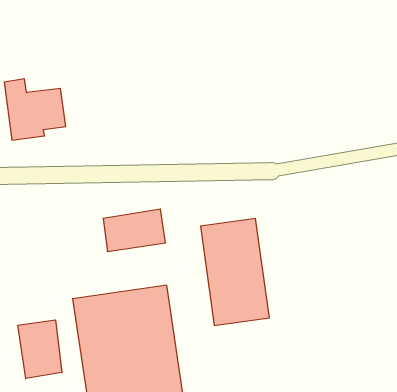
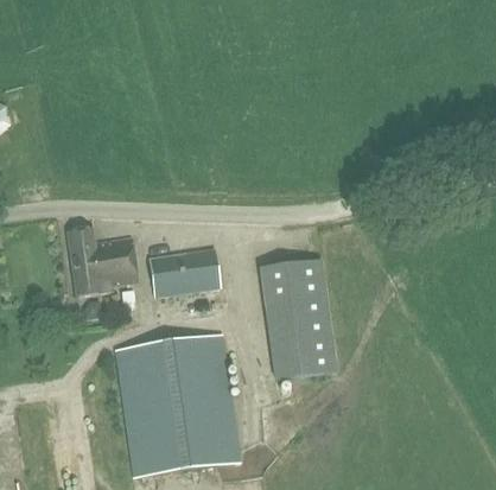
building: [4,79,66,140] -> [68,227,136,295]
building: [18,320,62,379] -> none

